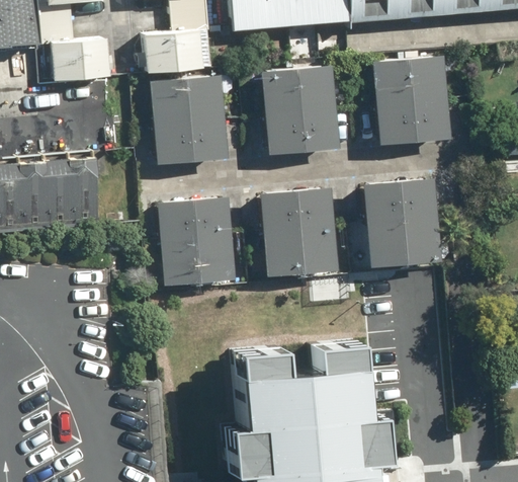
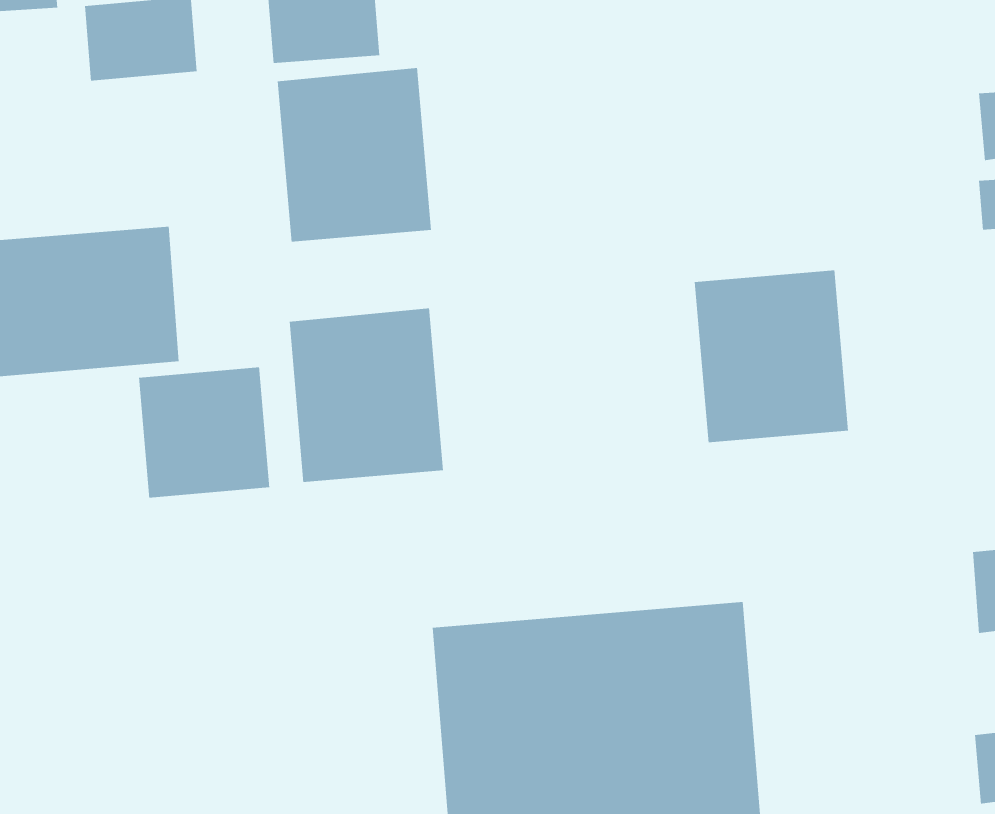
building: [371,56,450,145] -> none
building: [259,65,339,154] -> none
building: [259,185,338,274] -> none
building: none -> [138,367,270,498]

